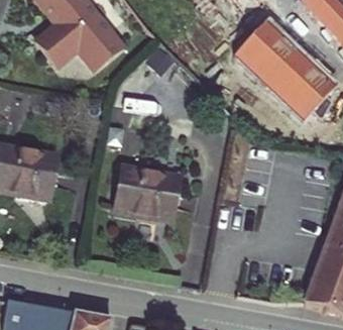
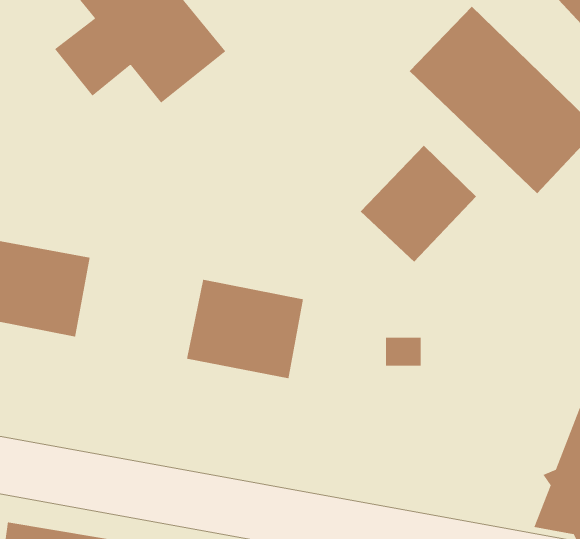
building: none -> [360,145,477,263]

